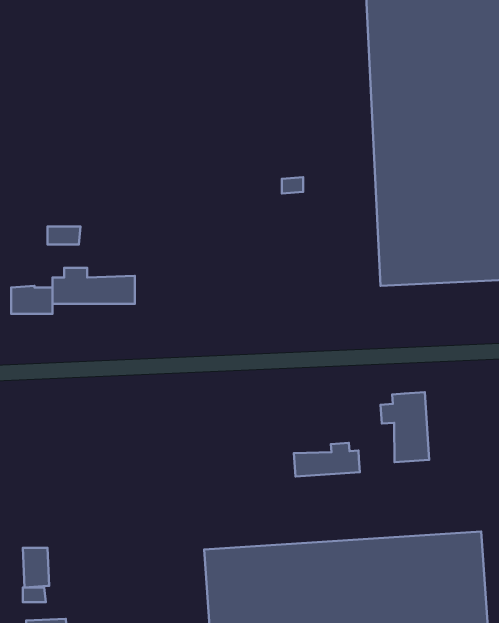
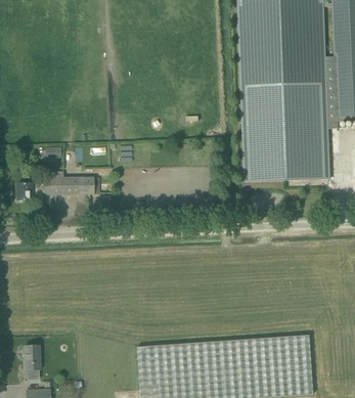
building: [381,392,429,462] -> none
building: [294,443,360,476] -> none

